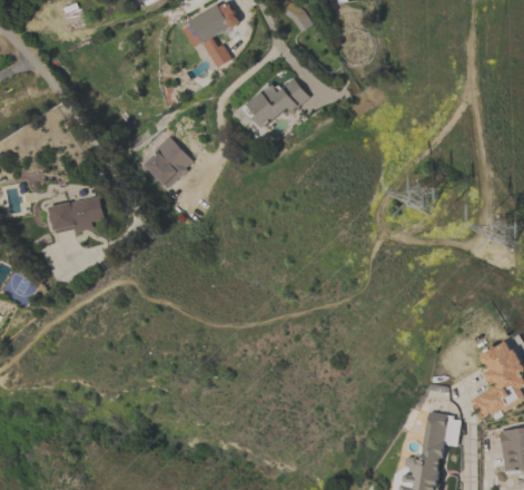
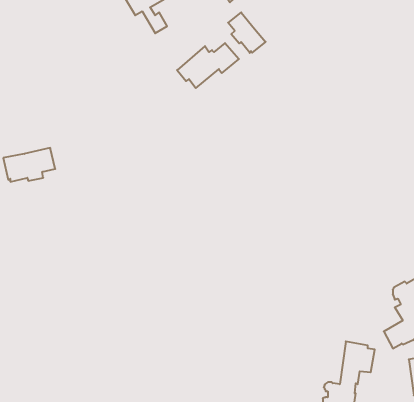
building: none -> [228,12,266,53]
building: [142,136,191,187] -> none

